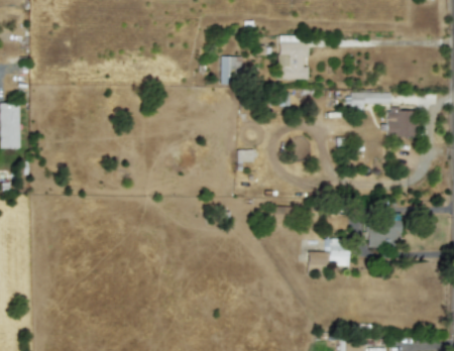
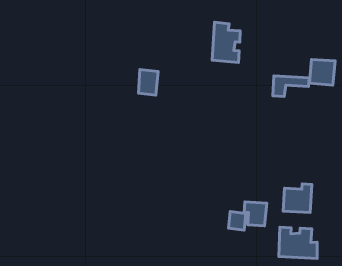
building: [221,55,242,84] -> [138,70,158,95]
building: [387,108,416,136] -> [309,59,335,85]
building: none -> [279,227,317,259]

